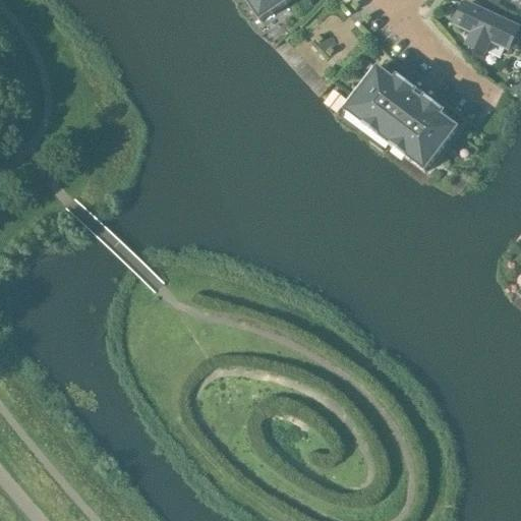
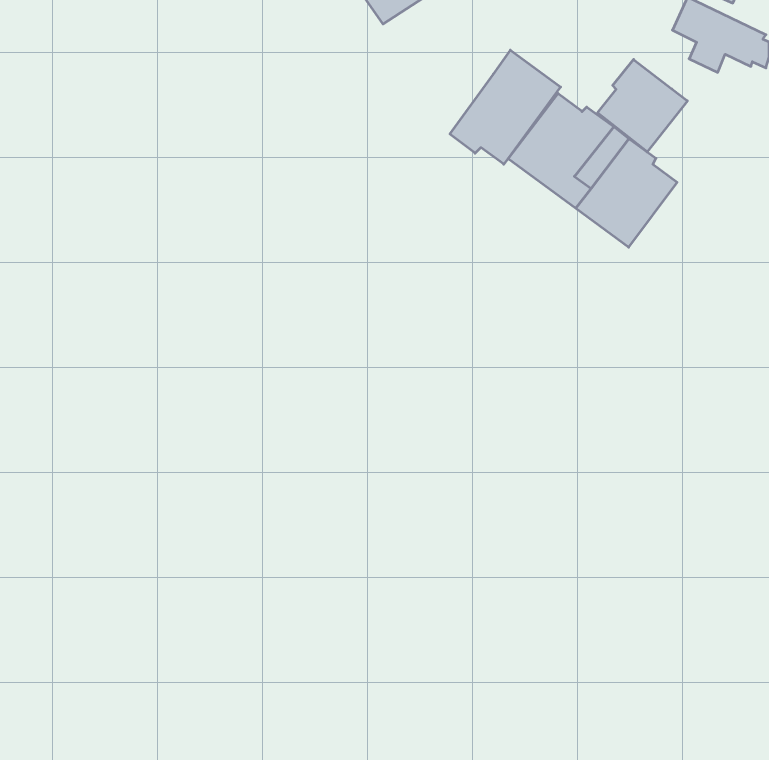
building: none -> [450,50,561,164]
building: none -> [598,59,687,152]

